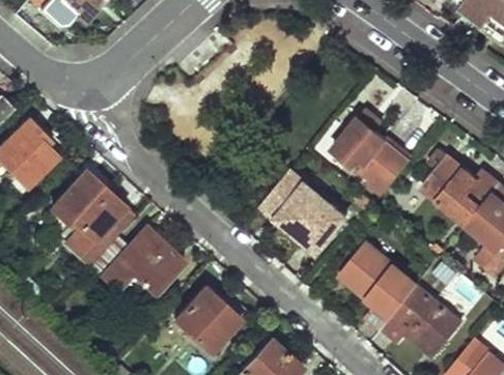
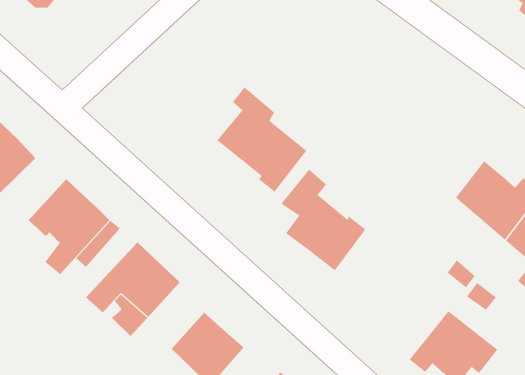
building: [332,103,411,195] -> [217,86,307,192]
building: [341,244,417,328] -> none

